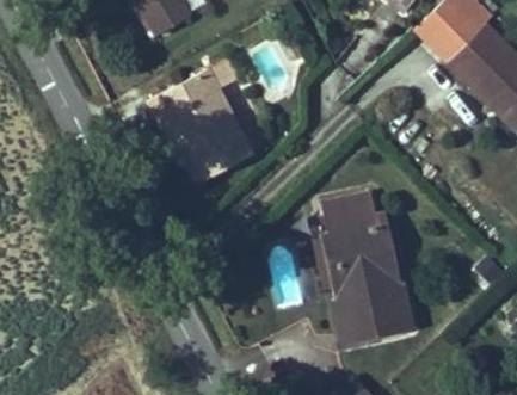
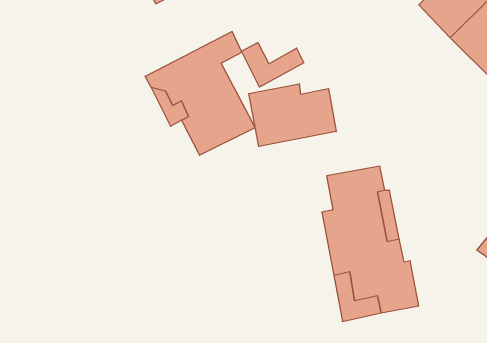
building: none -> [241,43,304,87]
building: none -> [249,84,336,147]

